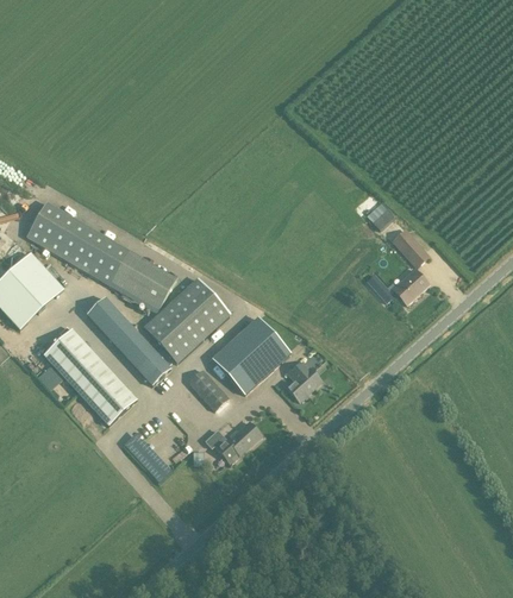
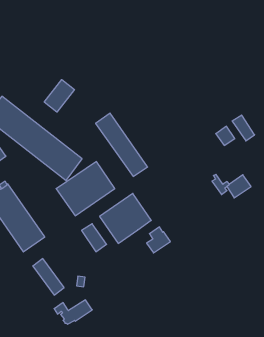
building: none -> [44,80,74,112]
building: [392,229,427,266] -> [232,115,255,141]
building: [86,296,170,384] -> [96,113,148,176]
building: [205,421,261,460] -> [54,300,92,324]

